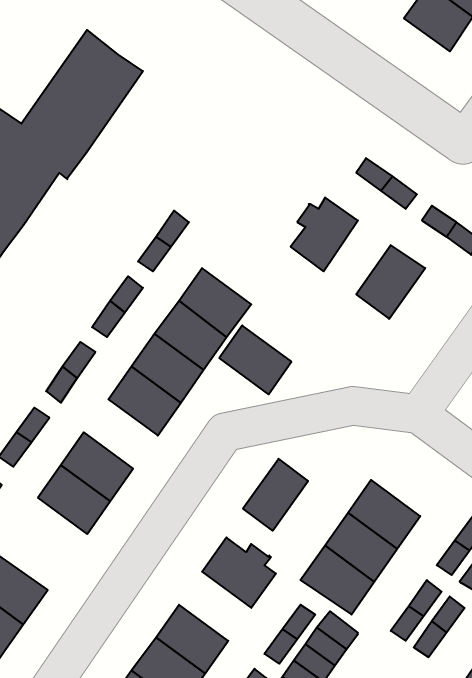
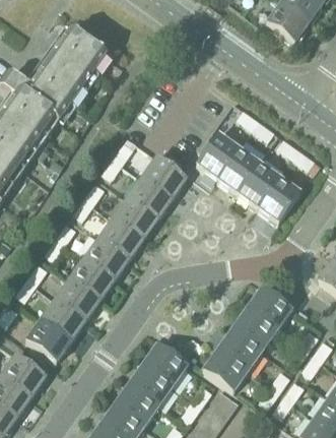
building: none -> [217,146,259,192]
building: none -> [258,176,300,222]
building: [219,325,291,394] -> [142,155,187,198]
building: none -> [69,257,115,300]
building: none -> [247,287,292,329]
building: [243,459,308,531] -> none
building: none -> [26,318,71,361]
building: none -> [128,364,173,406]

